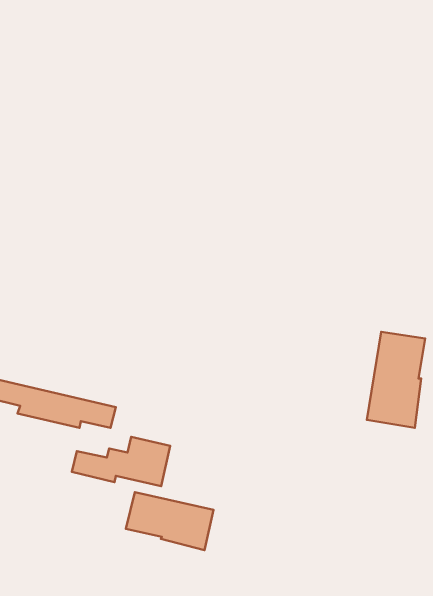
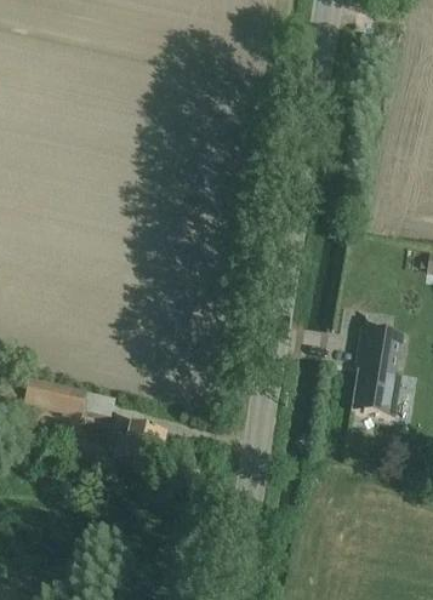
building: [126,492,213,550] -> none

